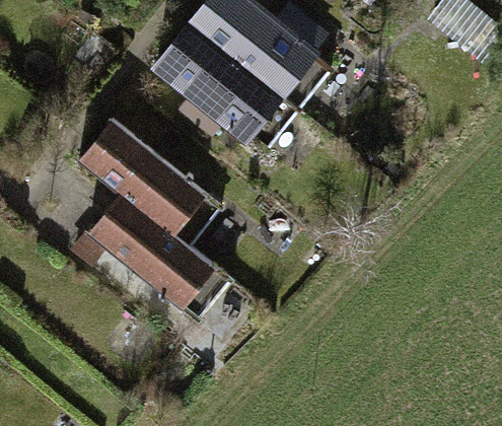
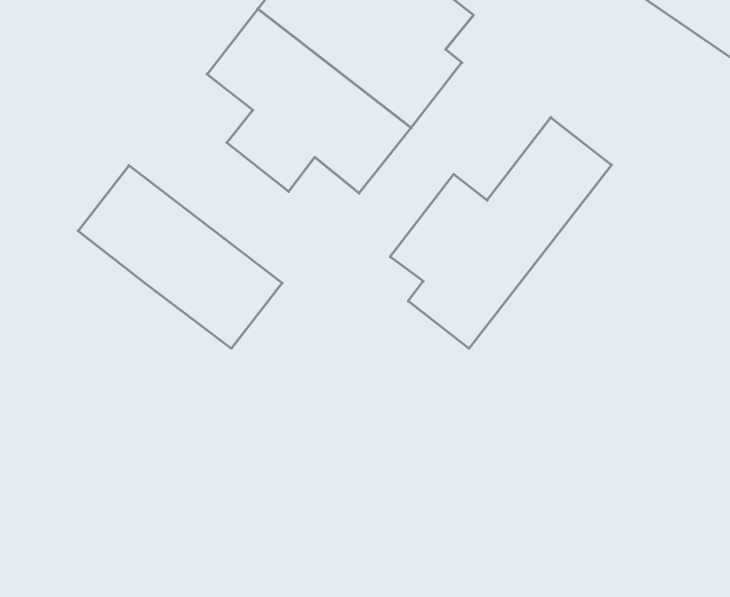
building: none -> [390,117,612,348]
building: [90,195,216,308] -> none

